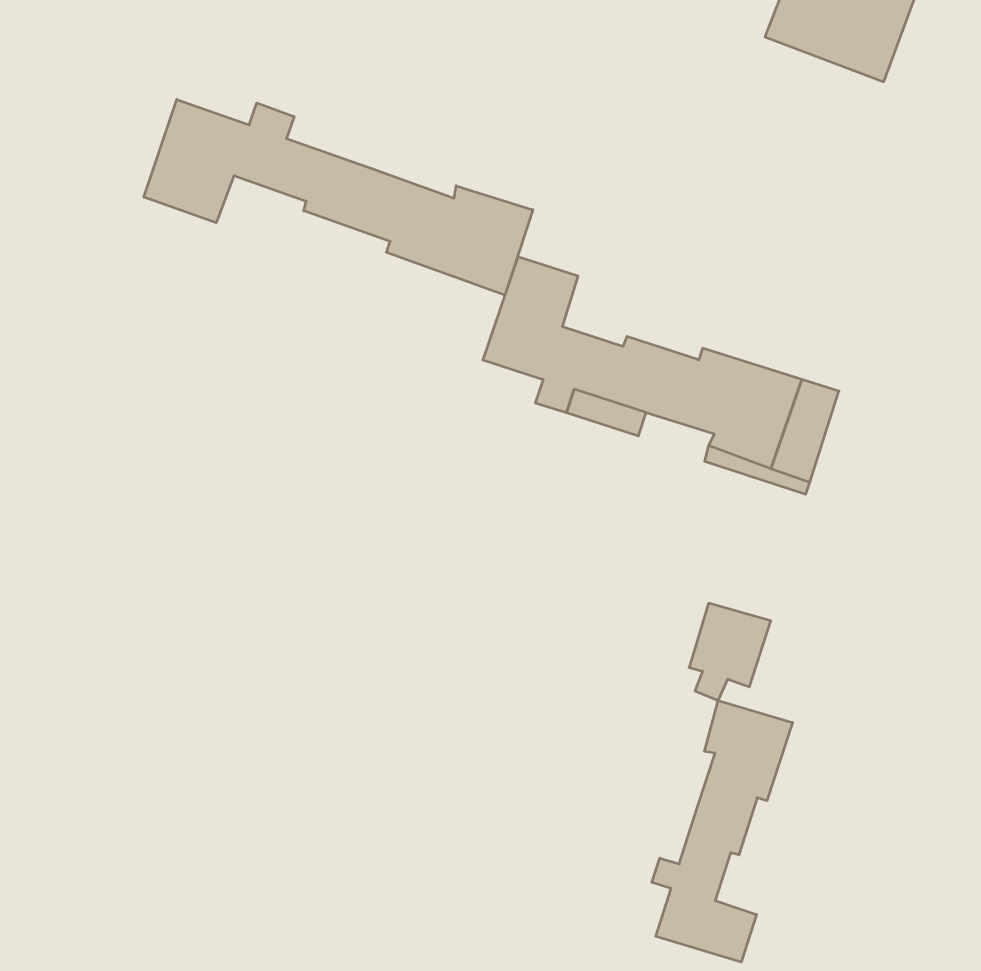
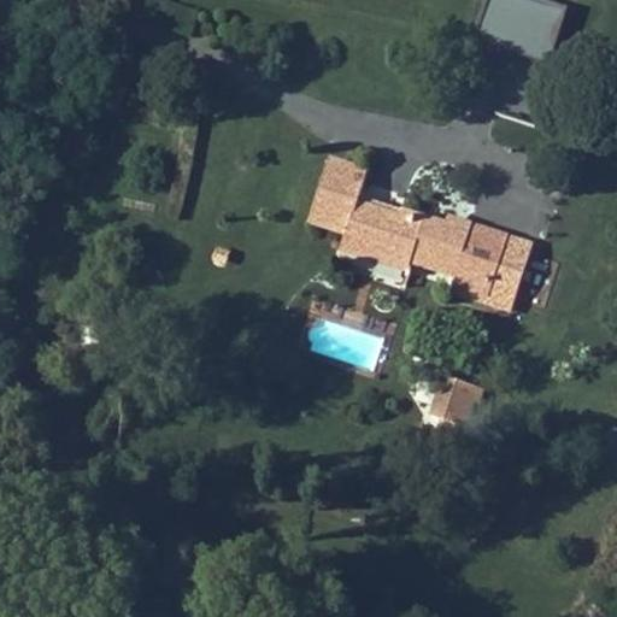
building: [144,99,533,295] -> none
building: [652,701,793,962] -> none

